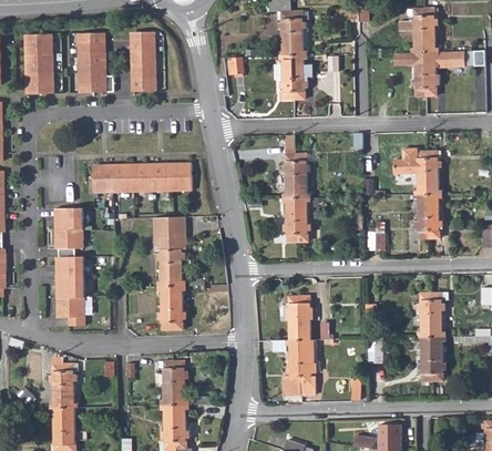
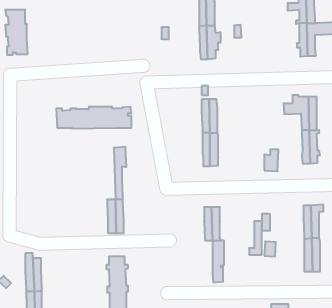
building: [131,31,157,91] -> none
building: [78,33,114,92] -> none
building: [52,207,83,325] -> none
building: [153,217,171,286] -> none
building: [283,340,299,385] -> [249,221,262,255]

